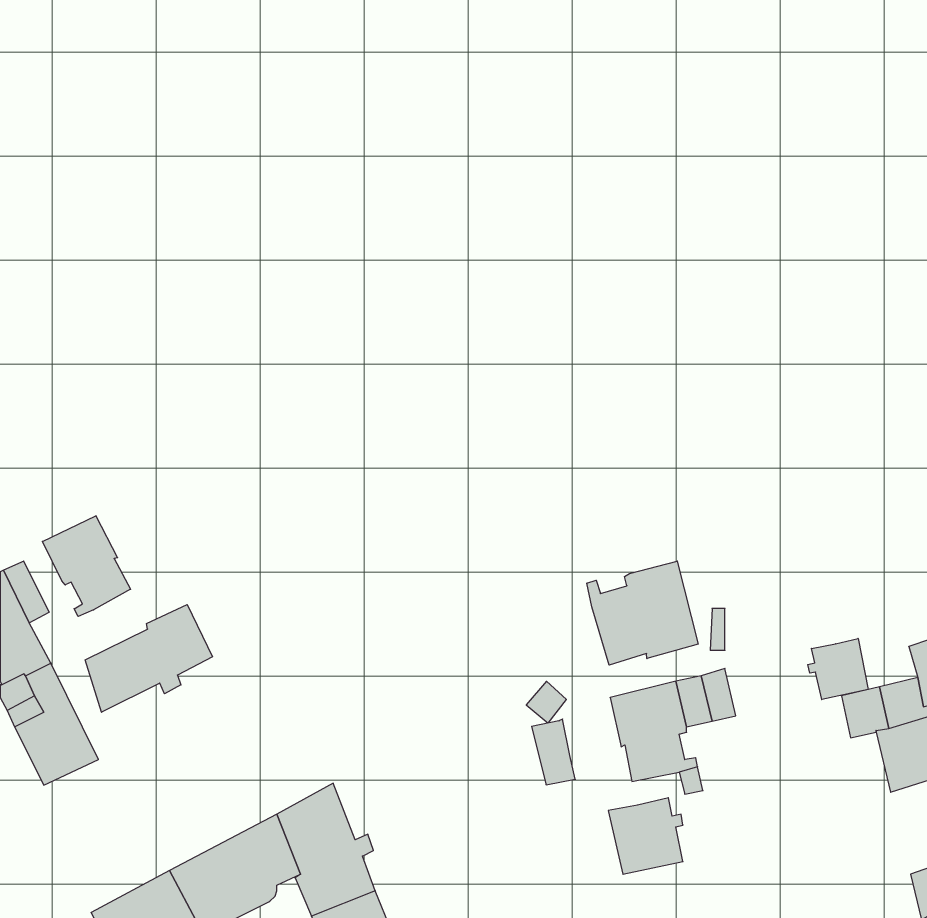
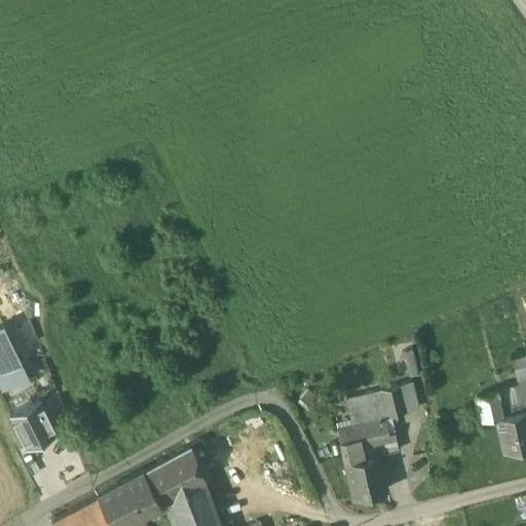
building: [42,516,131,616] -> none
building: [587,561,698,665] -> none
building: [85,605,213,712] -> none
building: [808,638,868,700] -> none
building: [532,719,575,785] -> [337,427,362,464]

